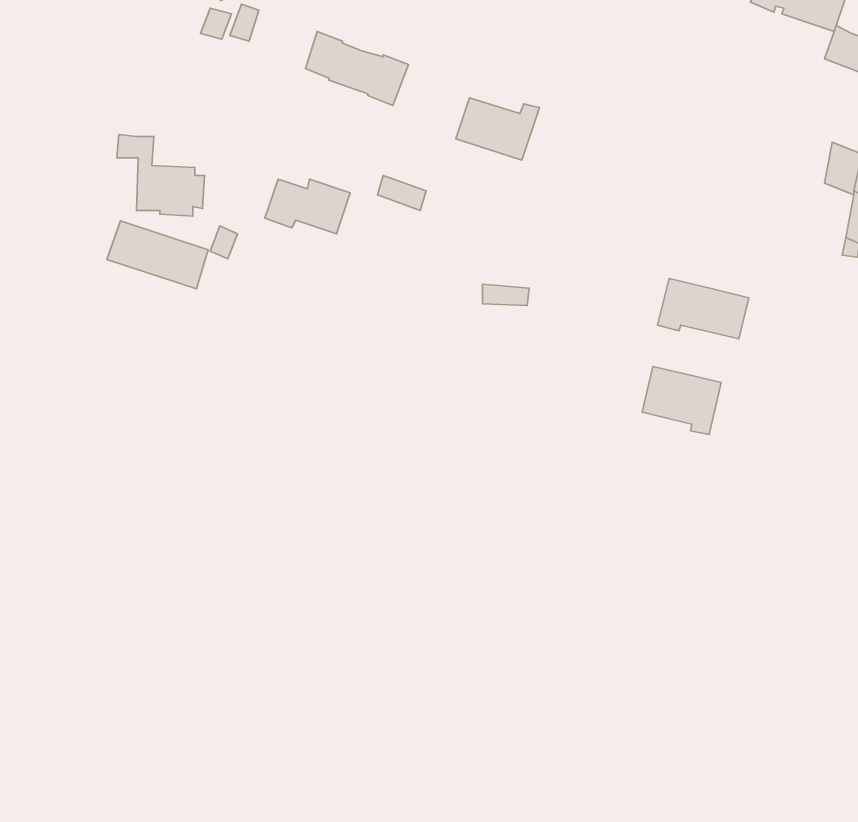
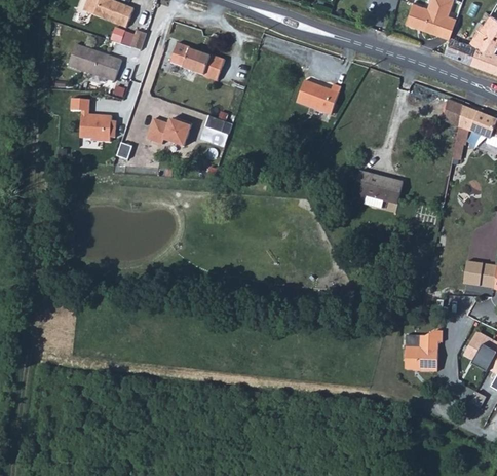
building: [456,98,539,160] -> [296,79,340,112]
building: [107,221,208,289] -> [65,42,118,78]
building: [642,367,721,434] -> none
building: none -> [406,328,444,371]

